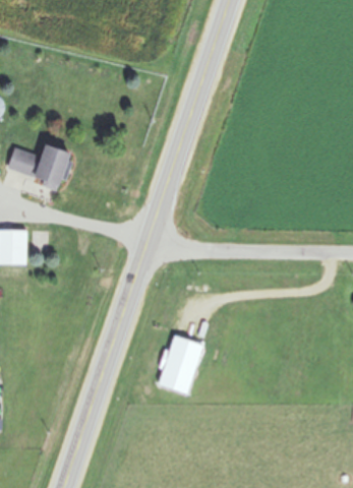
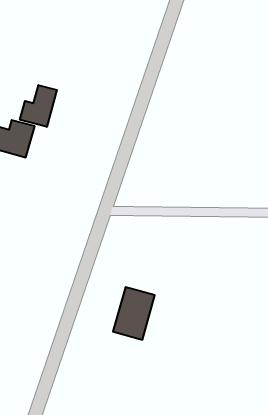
building: none -> [20,85,57,127]

